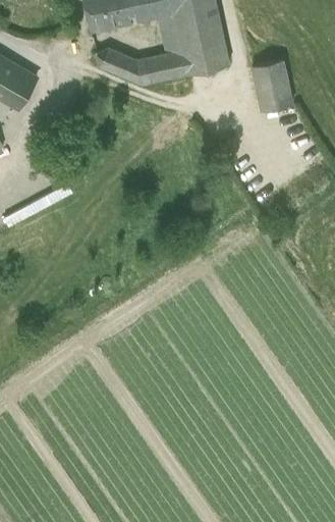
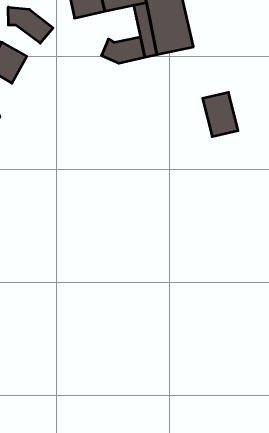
building: none -> [8,7,53,43]
building: [96,47,129,75] -> none
building: [250,59,292,111] -> [203,92,238,137]

